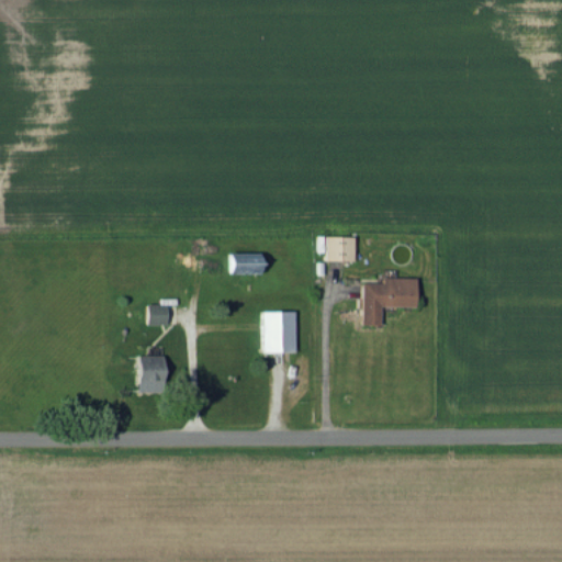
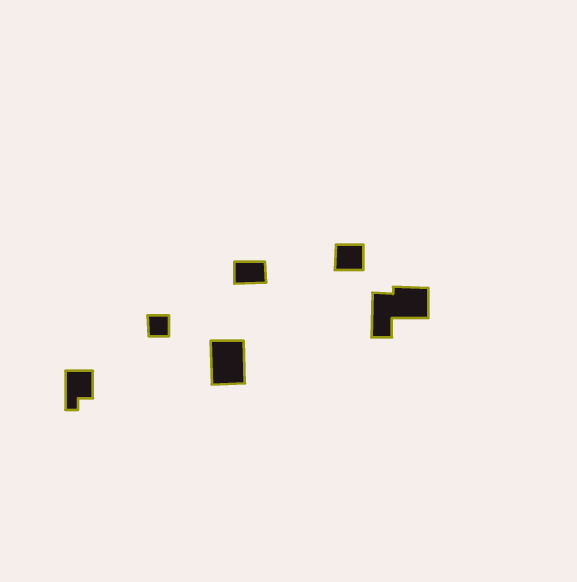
building: [265,312,297,353] -> [211,341,245,384]
building: [139,356,166,393] -> [65,371,93,410]

